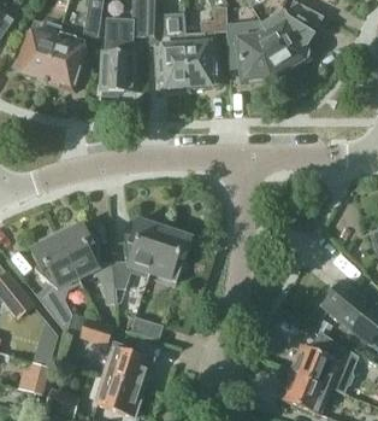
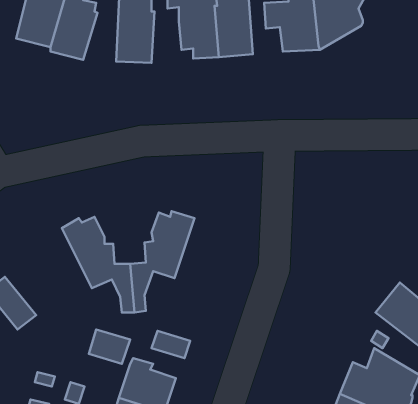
building: [150,223,193,283] -> none
building: [31,232,81,333] -> none

